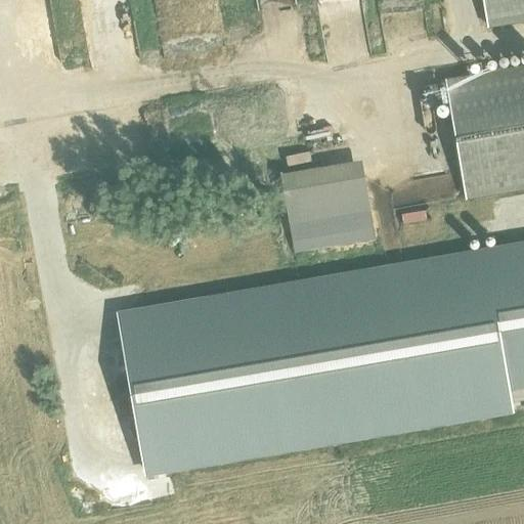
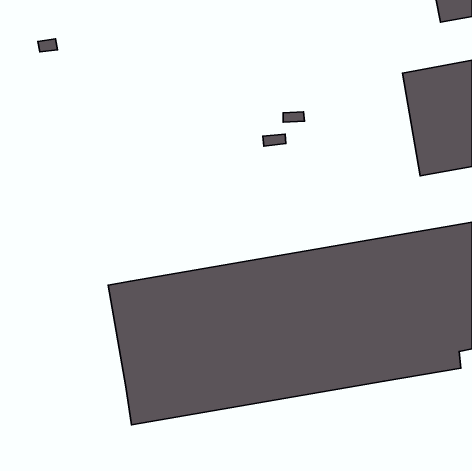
building: [290,158,378,247] -> none

